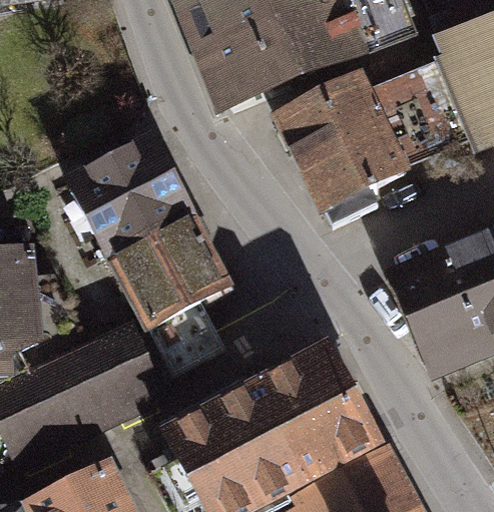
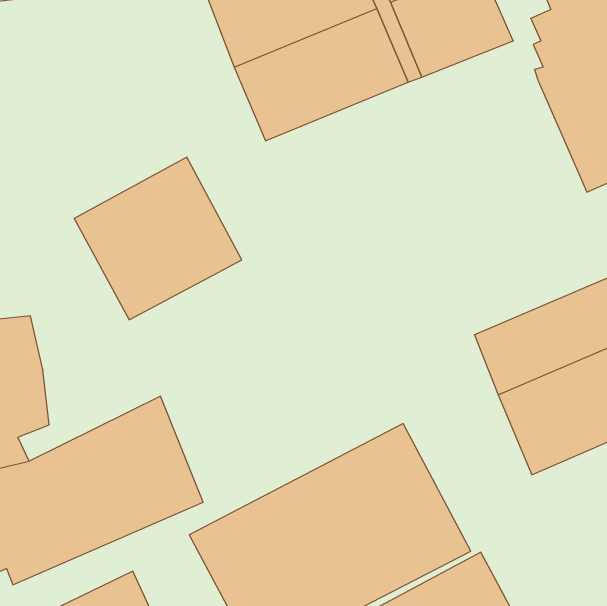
building: [275,65,468,221] -> none
building: [108,214,227,376] -> none

